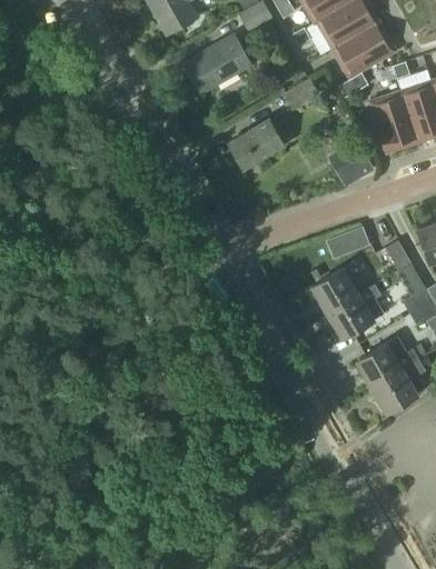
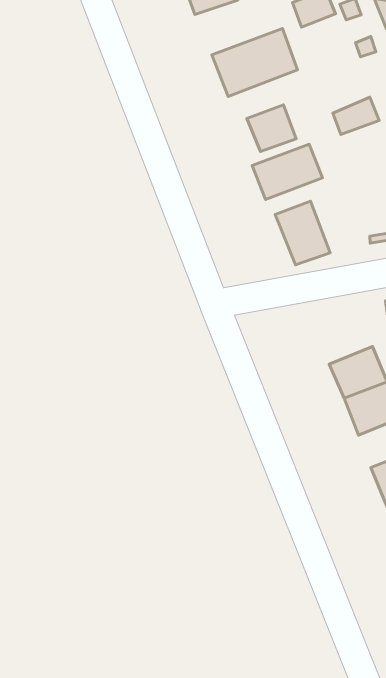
building: none -> [247,105,296,151]
building: none -> [275,201,330,265]

